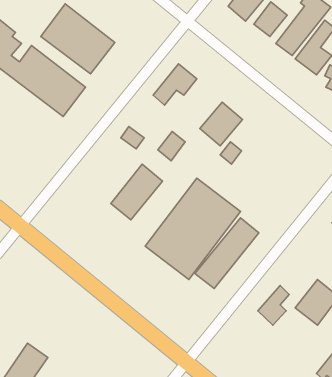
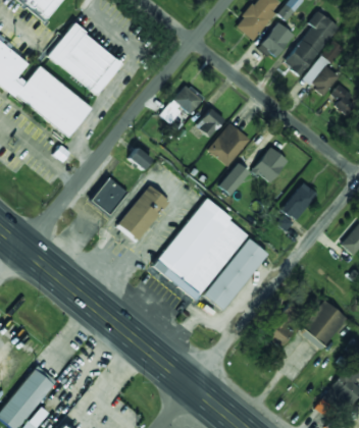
building: none -> [252,147,287,183]
building: [158,132,185,161] -> [196,108,223,138]
building: none -> [90,177,126,215]
building: none -> [276,182,316,231]

